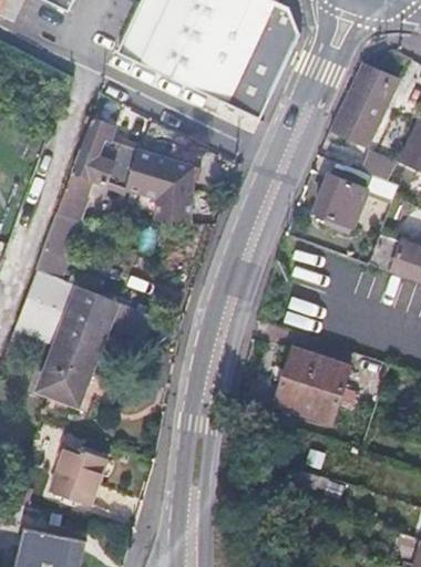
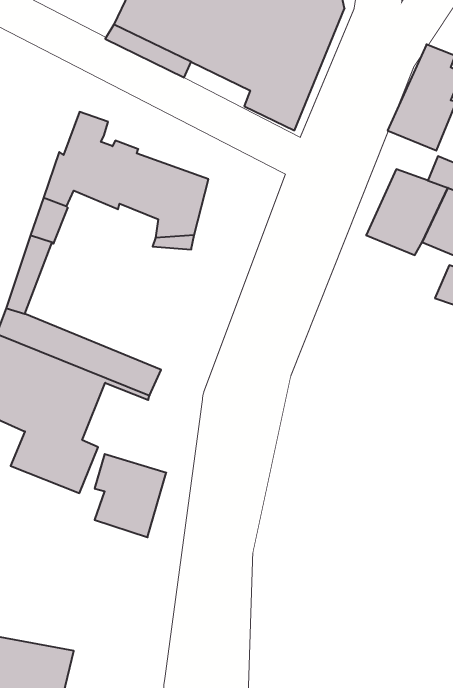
building: [275,343,350,420] -> none
building: [51,443,106,507] -> [95,454,166,537]

